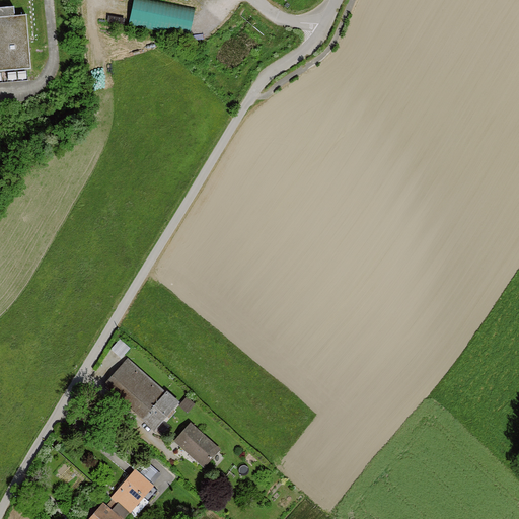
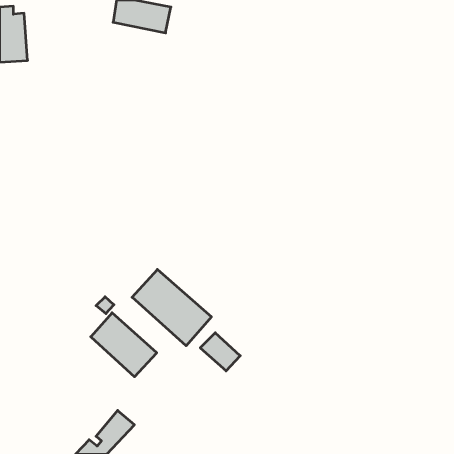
building: none -> [132,269,211,346]
building: [173,423,219,466] -> [200,333,240,371]

